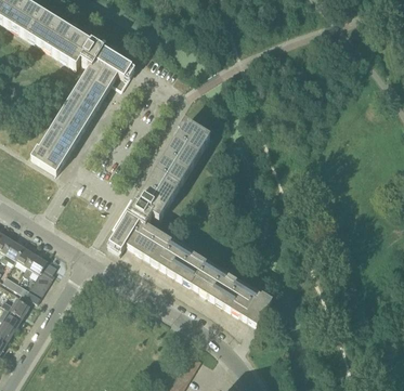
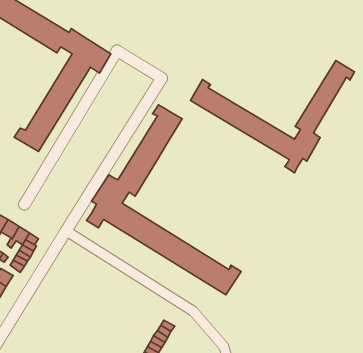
building: none -> [191,60,355,173]

